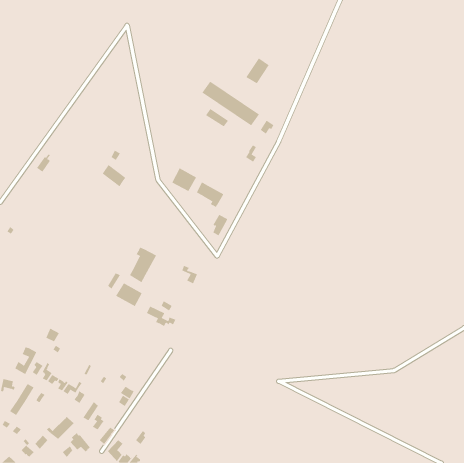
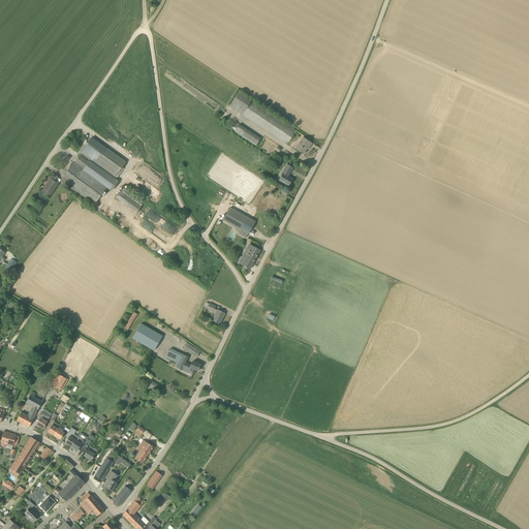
building: [245,57,270,84] -> none
building: none -> [61,136,125,204]
building: [172,168,197,192] -> none
building: [129,247,157,283] -> none

